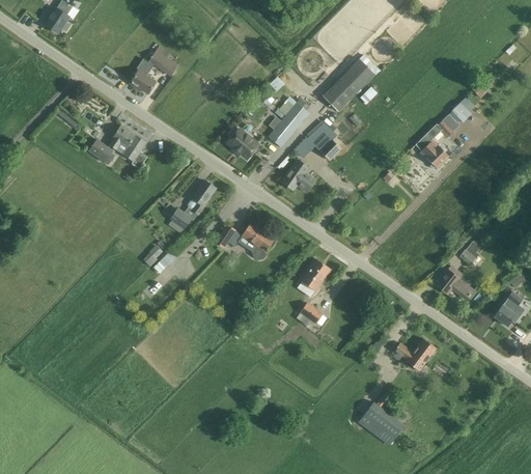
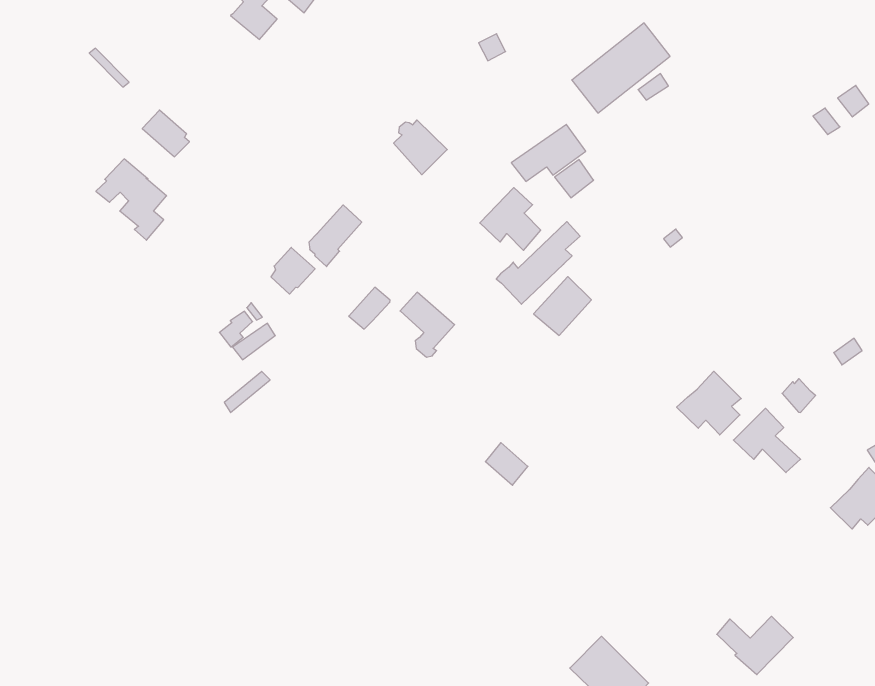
building: [264,97,308,146] -> [496,222,580,304]
building: [415,114,458,168] -> none
building: [107,124,146,168] -> [96,159,167,240]
building: none -> [677,371,741,435]
building: [299,257,330,290] -> [534,277,591,335]
building: [393,337,436,370] -> [717,616,793,675]

